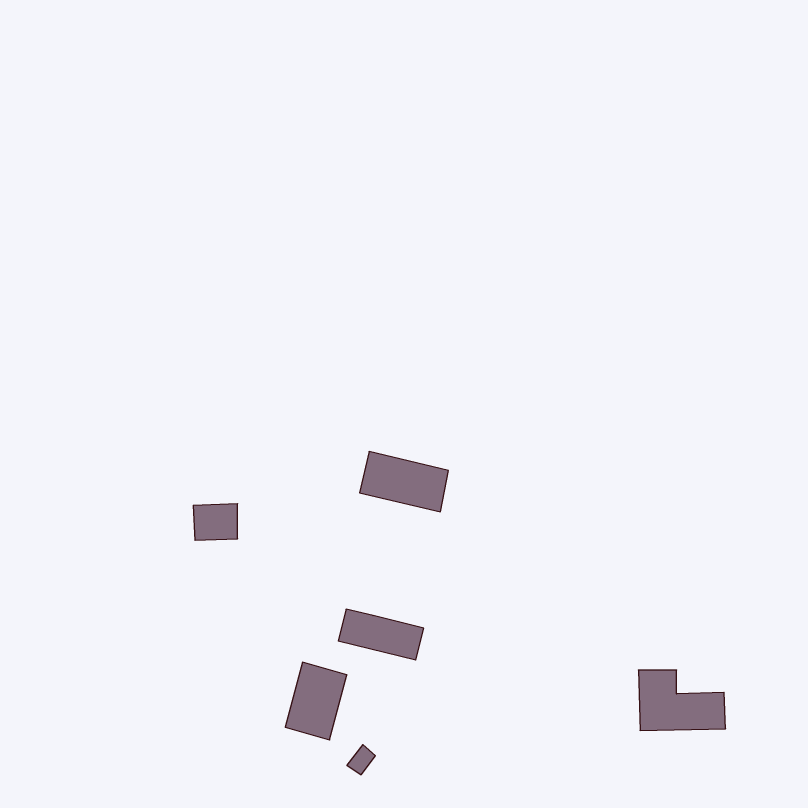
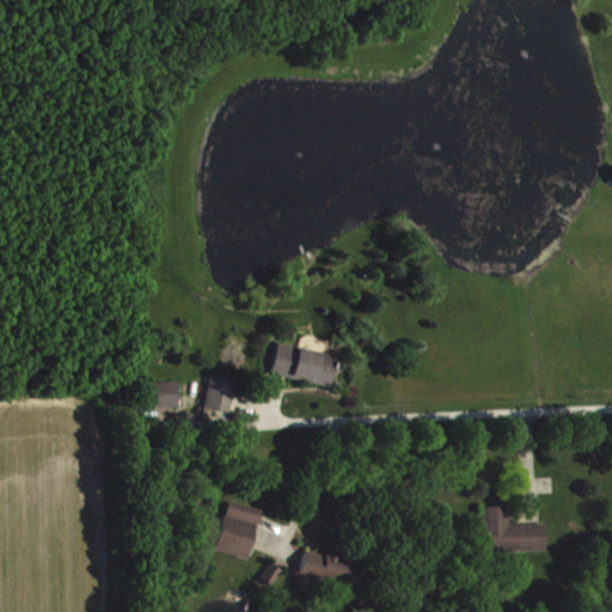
building: none -> [206,375,237,414]
building: [338,609,424,660] -> [300,551,365,589]

